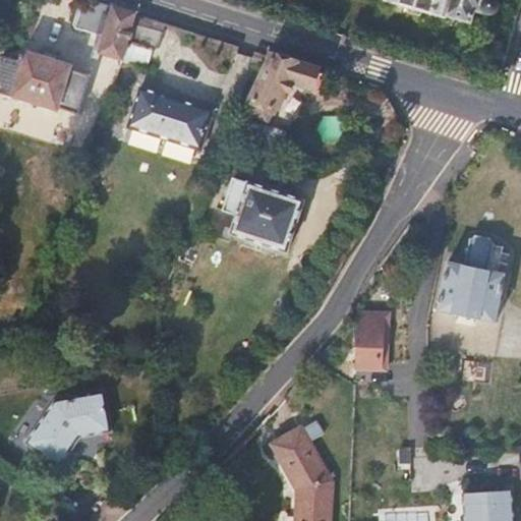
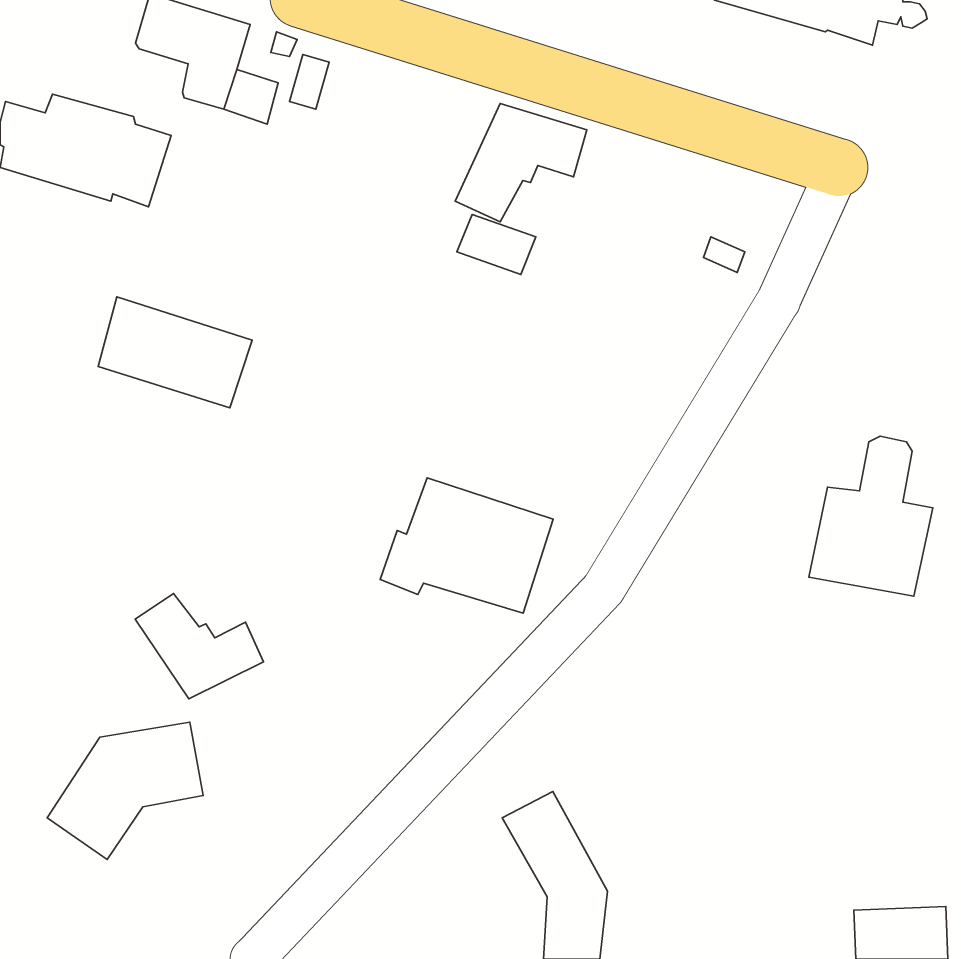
building: [130,85,214,146] -> [98,297,252,408]
building: [207,179,300,252] -> [380,478,553,613]
building: [357,311,388,367] -> none
building: none -> [135,594,264,699]

